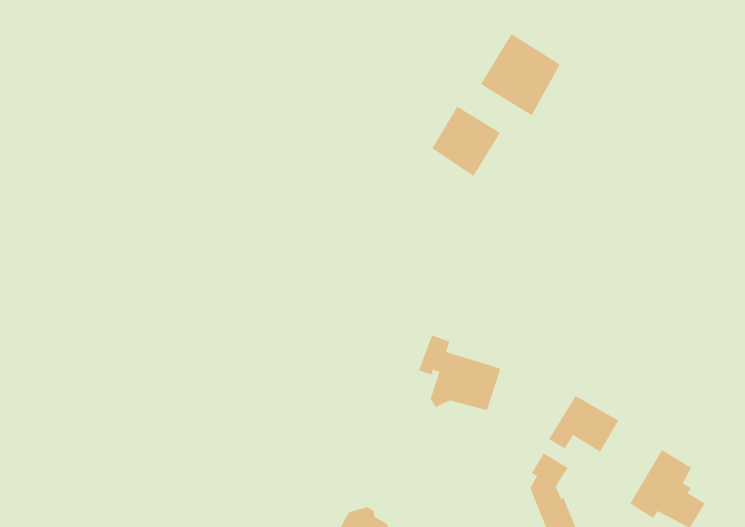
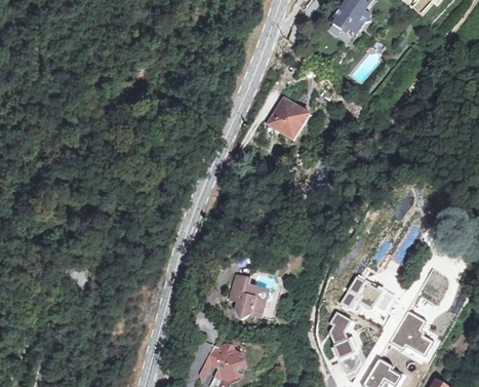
building: [480,33,561,116] -> none
building: [418,335,501,411] -> [230,272,280,318]

